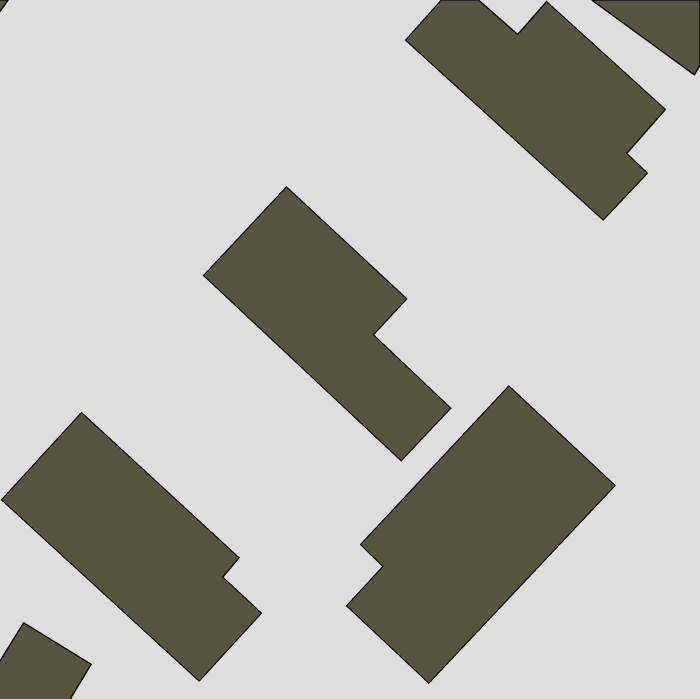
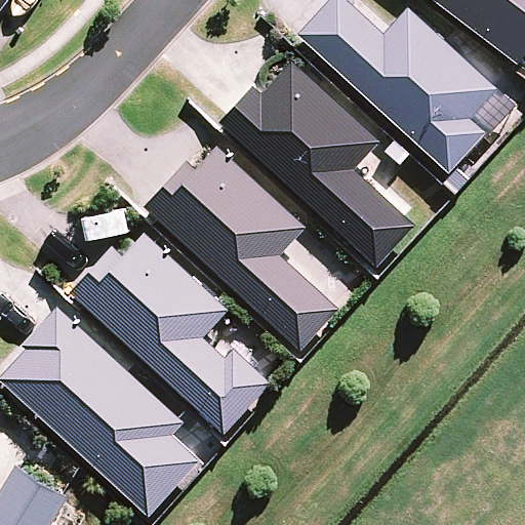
building: none -> [231,64,411,265]
building: none -> [80,232,261,428]
building: [346,386,615,683] -> none

